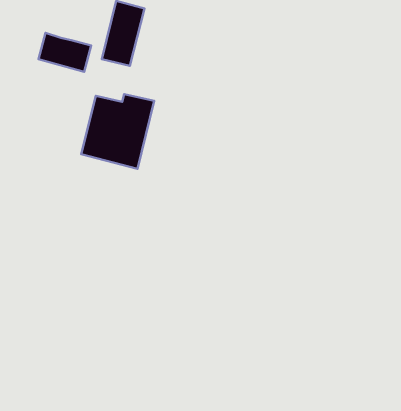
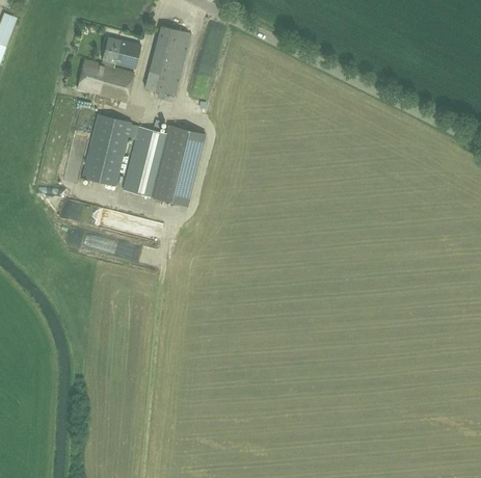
building: none -> [101,37,140,69]
building: none -> [81,113,136,185]

